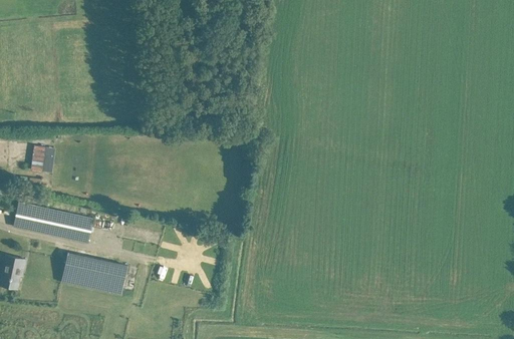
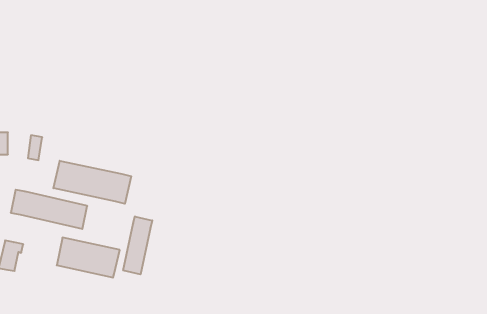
building: none -> [53,161,131,204]
building: none -> [123,216,152,274]

